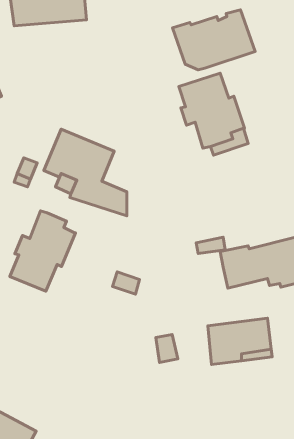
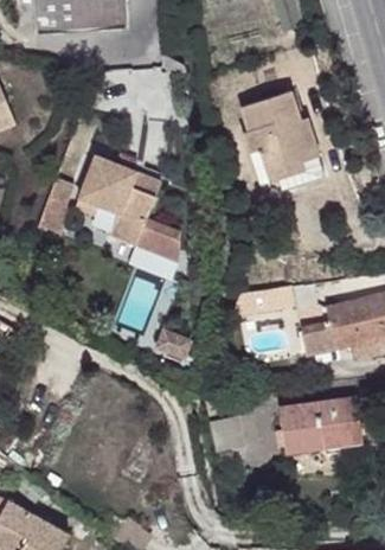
building: [173,10,255,70] -> none
building: [10,211,75,291] -> none

